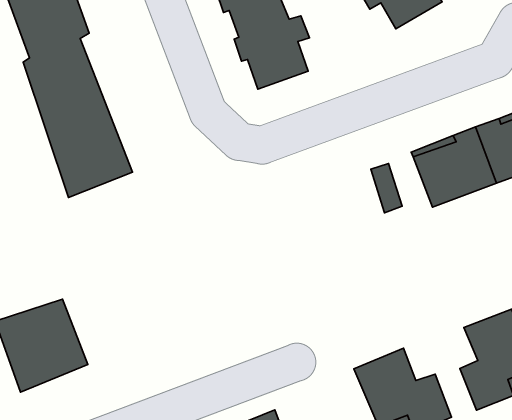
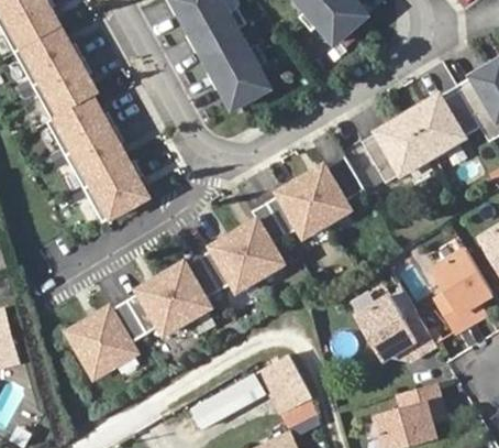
building: none -> [270,160,351,240]
building: none -> [203,215,282,292]
building: none -> [131,255,210,338]

